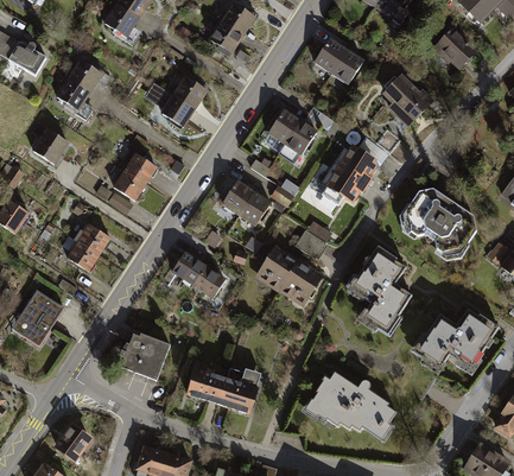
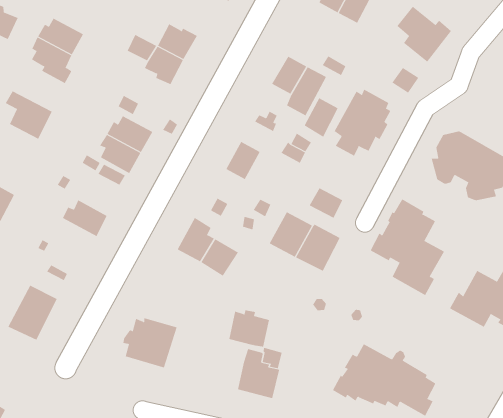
building: [239,192,271,228] -> [304,98,339,137]
building: [65,237,103,275] -> none
building: [186,367,224,401] -> [229,310,270,347]

